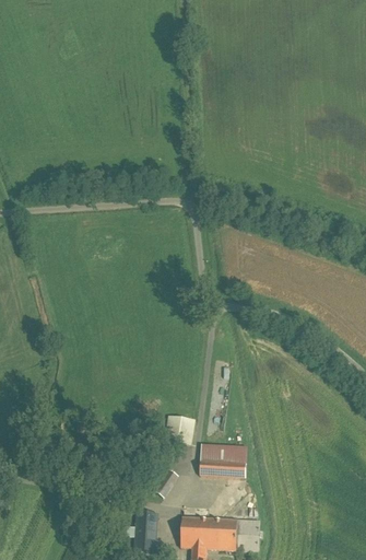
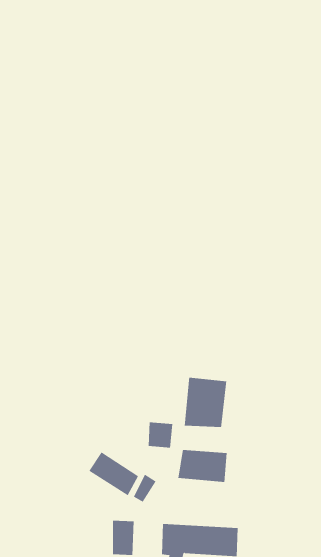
building: none -> [184,377,227,428]
building: none -> [89,452,139,496]

